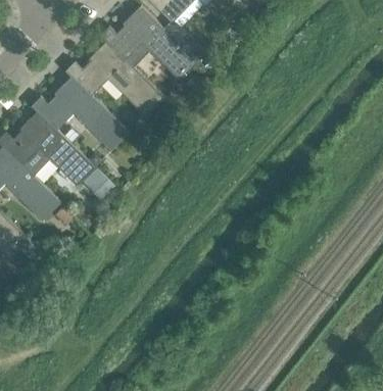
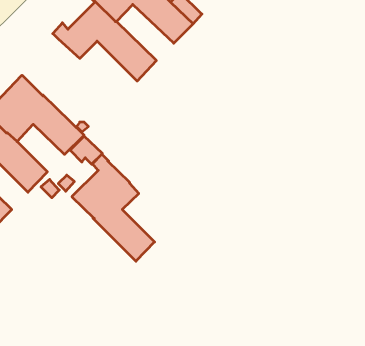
building: [32,77,130,151] -> none
building: none -> [72,154,155,261]

